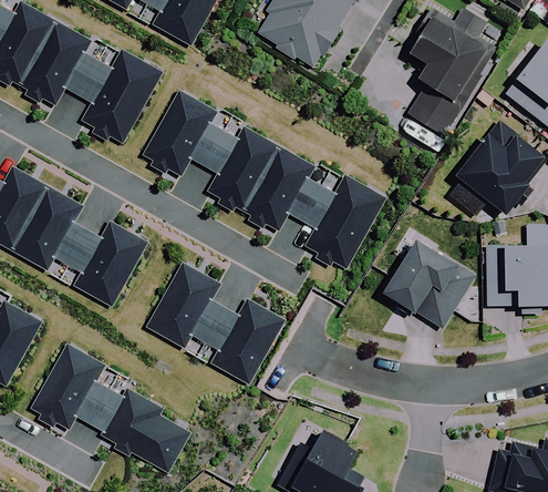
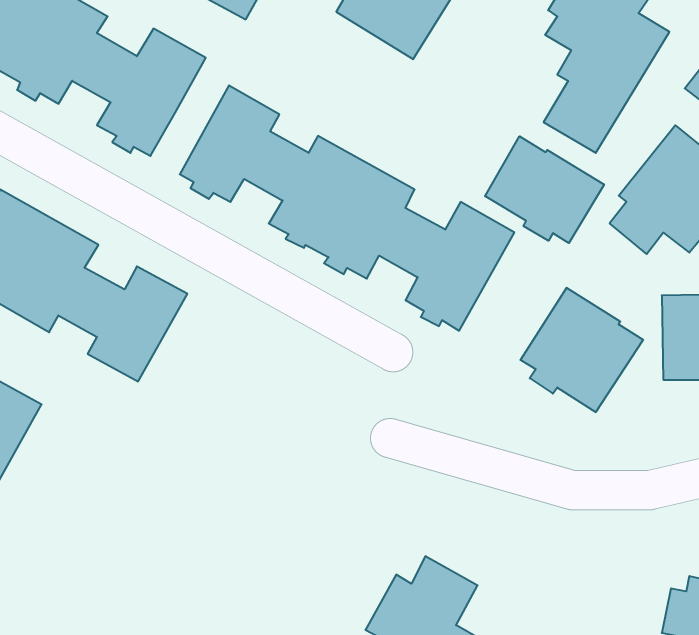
building: none -> [485,136,604,243]
building: [147,263,286,383] -> none
building: [31,342,190,472] -> none

